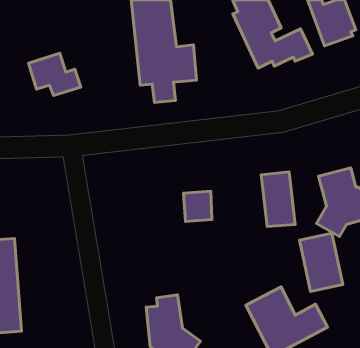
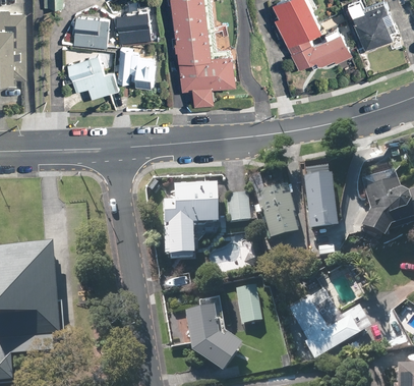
building: none -> [118,11,153,42]
building: none -> [74,15,110,47]
building: none -> [120,46,157,89]
building: none -> [162,185,219,260]
building: [300,233,343,292] -> [255,182,299,241]
building: none -> [236,286,262,325]

